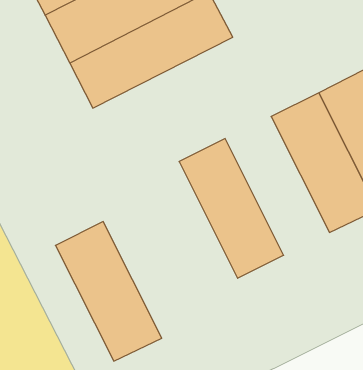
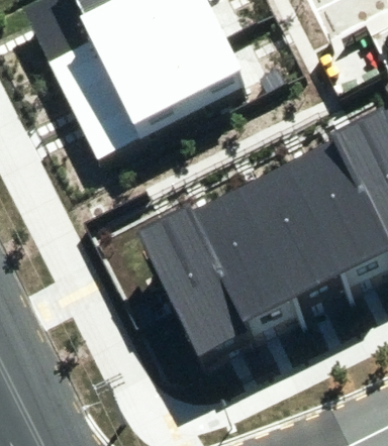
building: none -> [240,161,351,308]
building: [55,222,162,361] -> [141,209,254,356]

